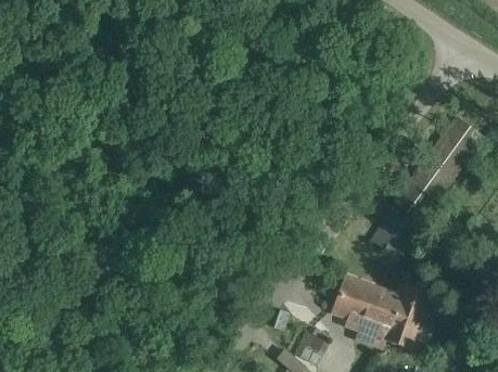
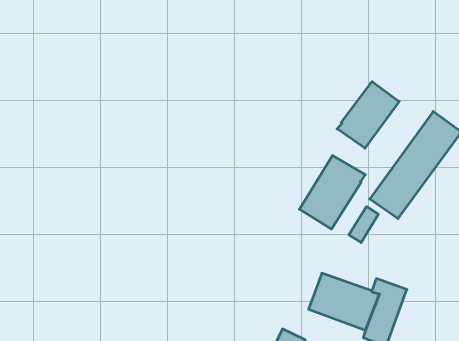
building: none -> [337,82,399,148]
building: none -> [299,156,365,229]

